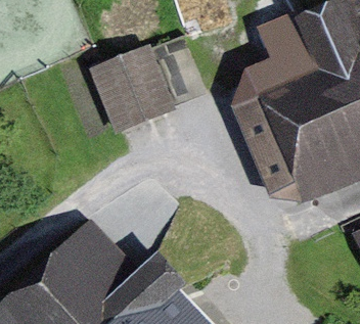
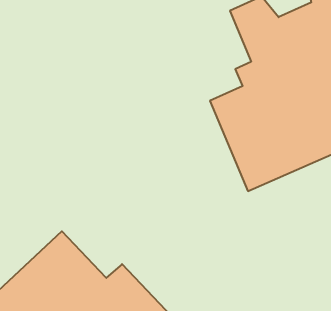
building: [94,50,171,130] -> none

